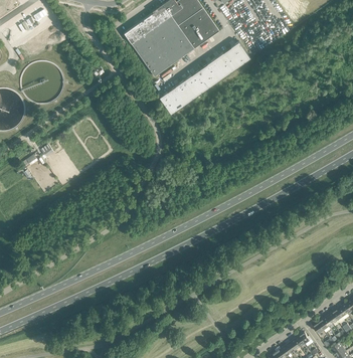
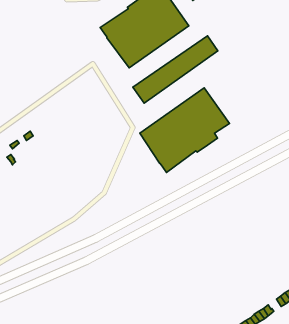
building: none -> [140,88,230,172]

